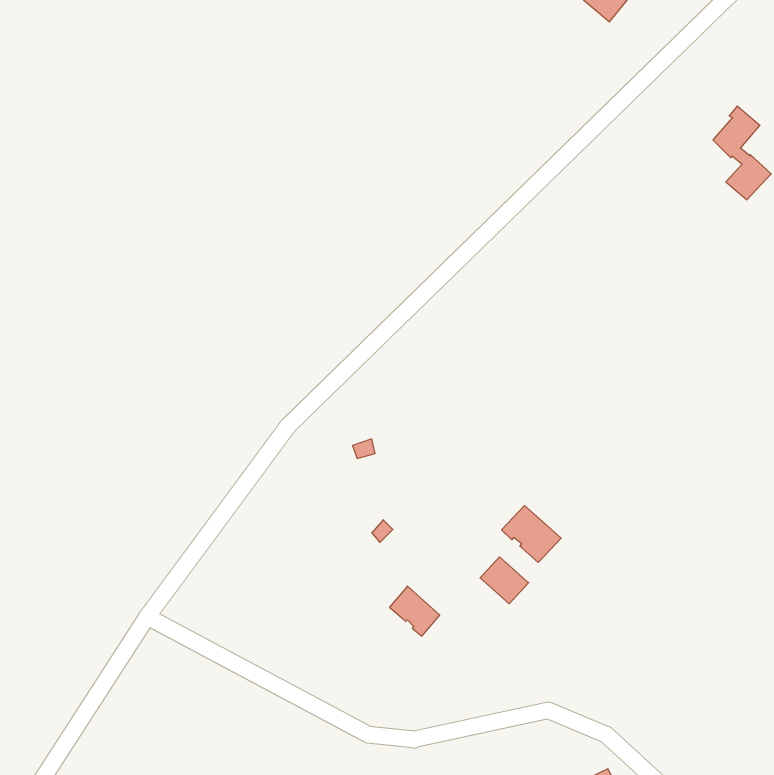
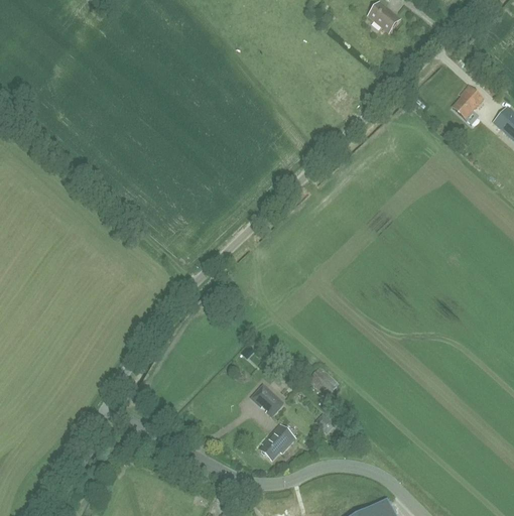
building: [502,506,561,562] -> none
building: none -> [261,423,295,460]

